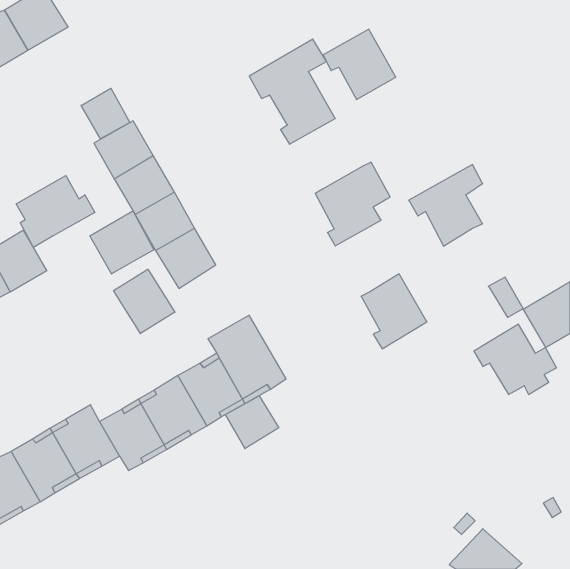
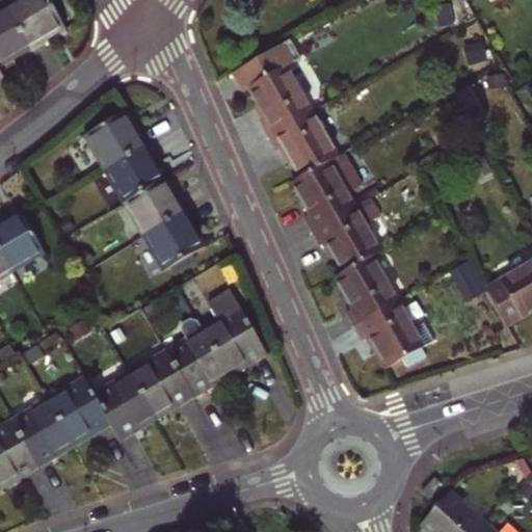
building: [323,29,396,100] -> [269,110,337,176]
building: [81,88,130,139] -> none
building: [409,165,483,246] -> [312,195,380,271]
building: [16,176,95,247] -> none
building: [90,211,154,274] -> none
building: [114,269,175,334] -> none
building: [474,324,557,395] -> [355,299,432,365]
building: [226,396,279,449] -> none

